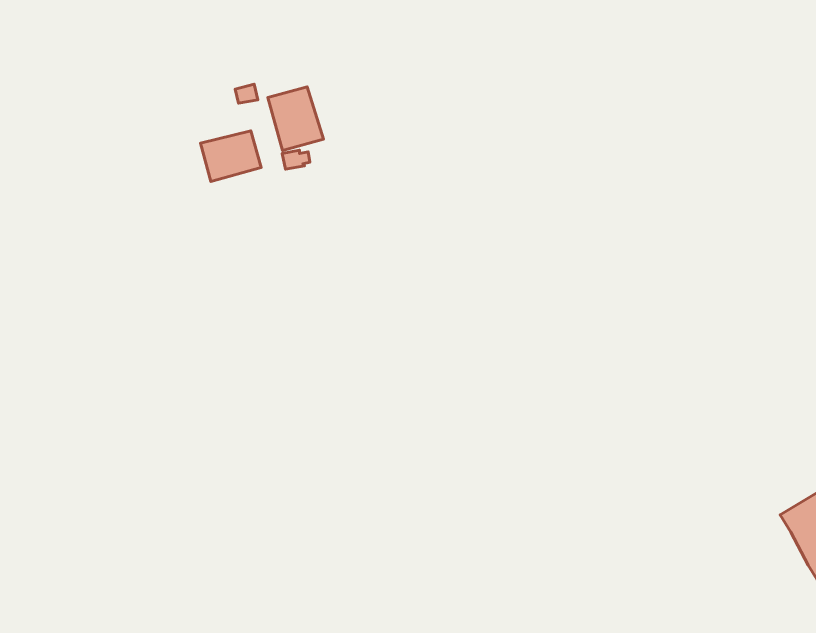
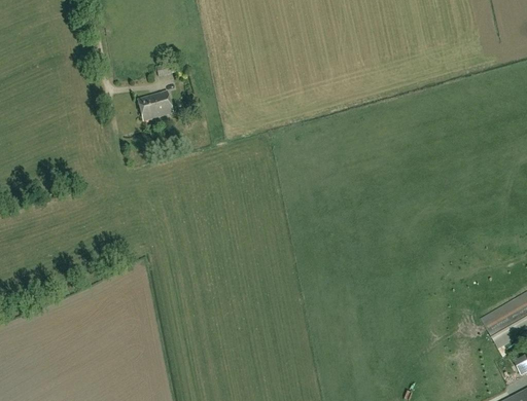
building: [268,87,324,151] -> none

